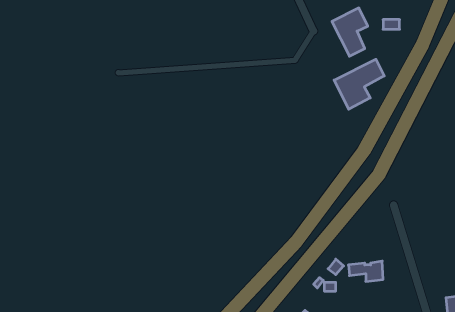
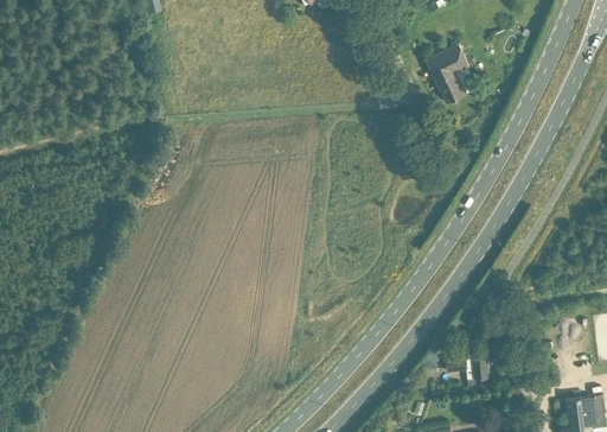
building: [334,59,384,109] -> none

